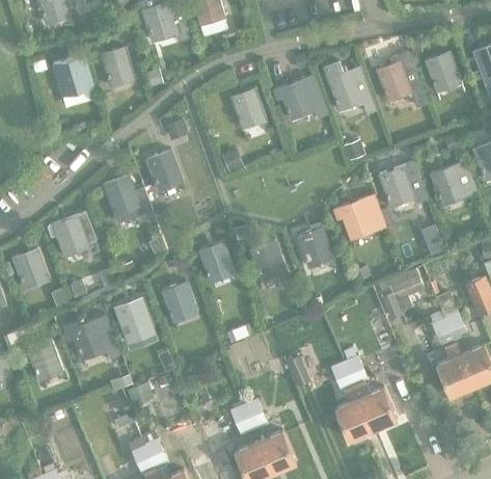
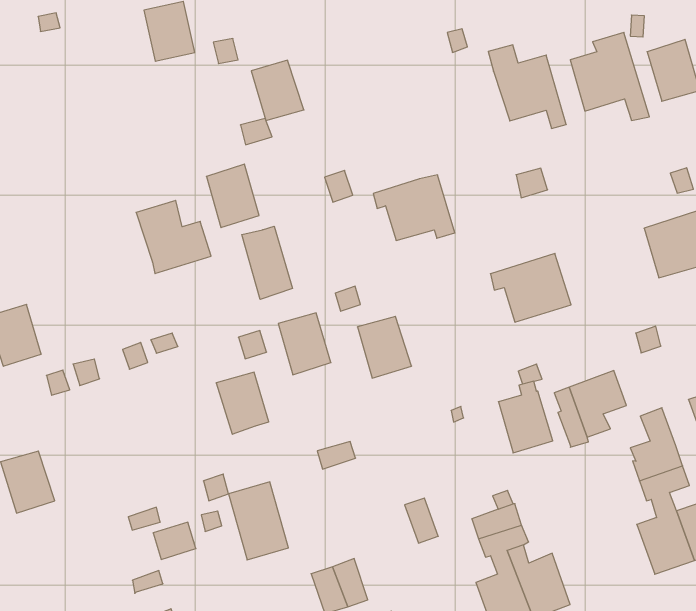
building: [52,56,93,98] -> none
building: [273,76,327,119] -> [373,175,455,240]
building: [229,89,265,129] -> [251,60,304,121]
building: [378,162,428,208] -> none
building: none -> [242,226,293,299]
building: [47,213,96,258] -> none
building: [297,221,333,268] -> [498,381,553,453]
building: [115,299,156,350] -> [229,482,288,560]
building: [62,315,120,361] -> none

